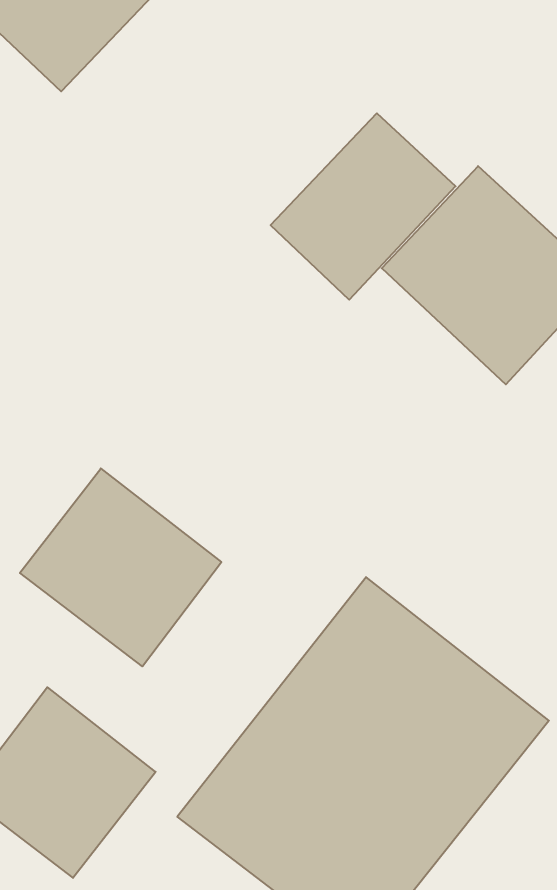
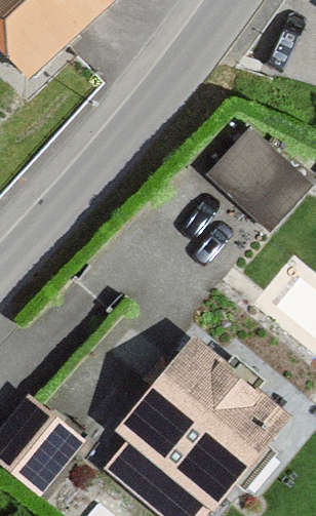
building: [271,113,456,300] -> none
building: [20,468,221,666] -> none

